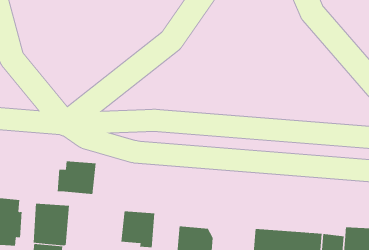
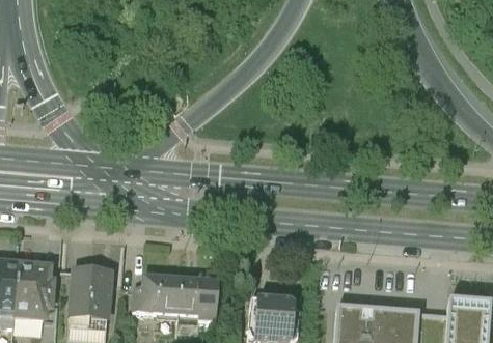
building: [57,161,96,195] -> [131,276,180,317]

